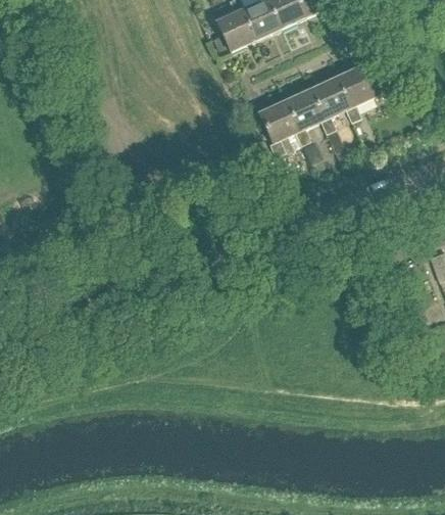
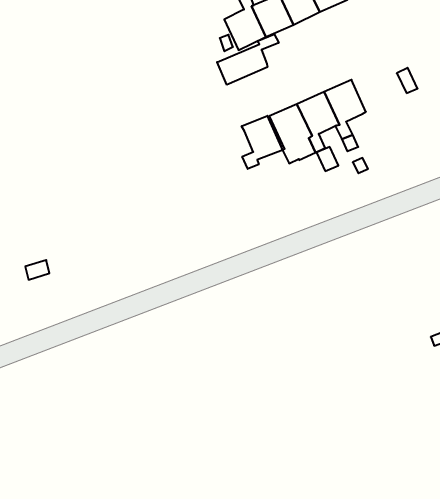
building: none -> [217,34,279,85]
building: [336,64,375,122] -> none
building: none -> [242,116,282,169]

